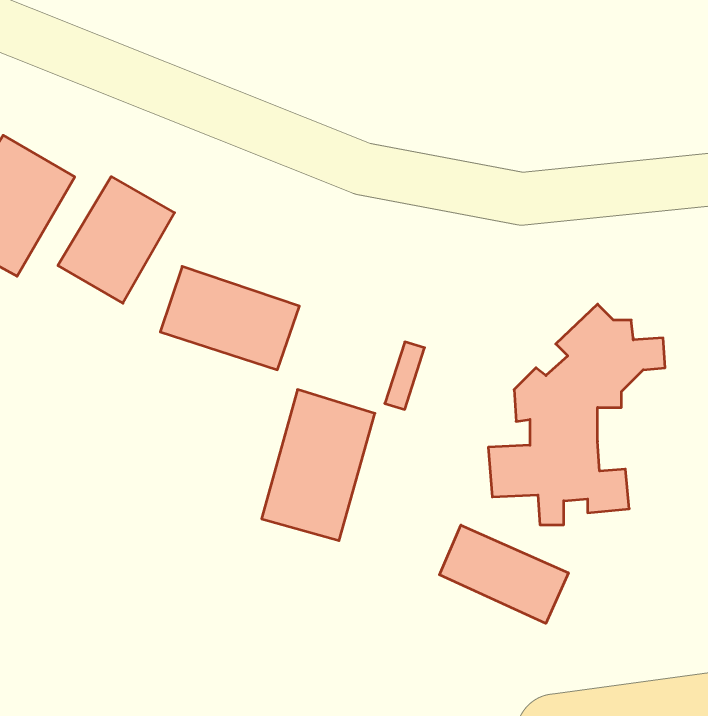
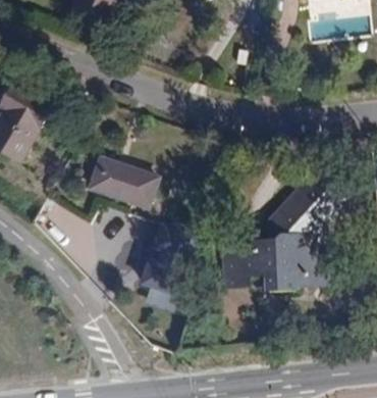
building: [58,177,175,303] -> none
building: [439,525,568,623] -> none

